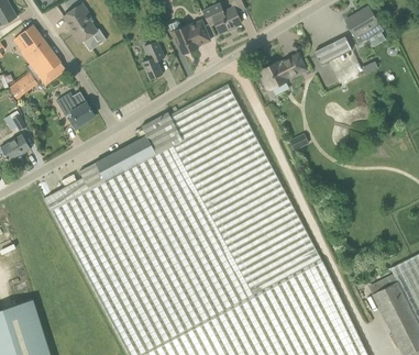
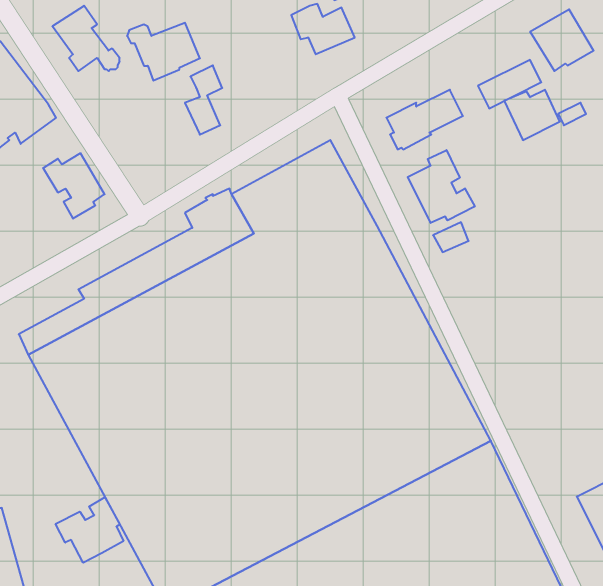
building: [167,20,210,54] -> [127,23,200,81]
building: none -> [408,150,475,223]
building: none -> [56,497,123,563]

